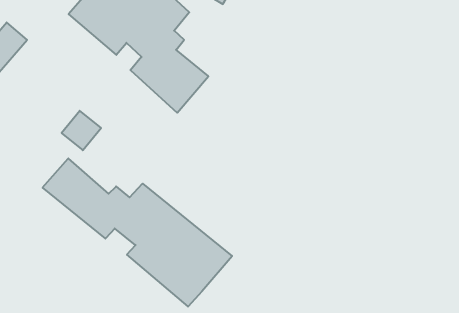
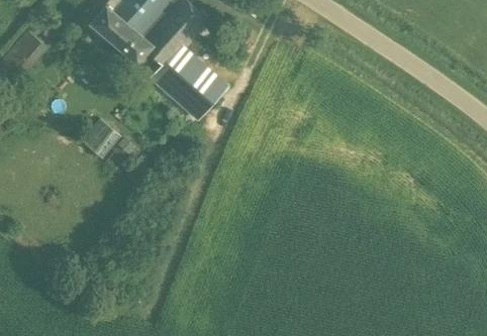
building: [43,158,232,307] -> none

